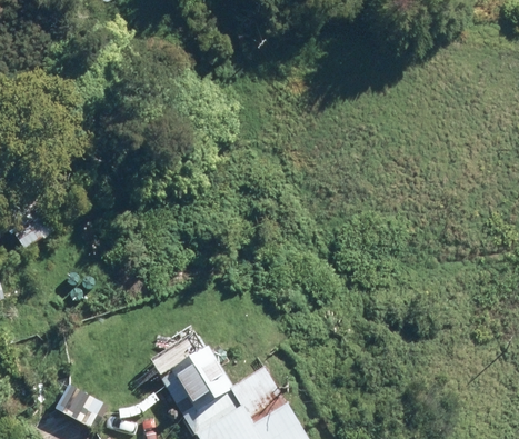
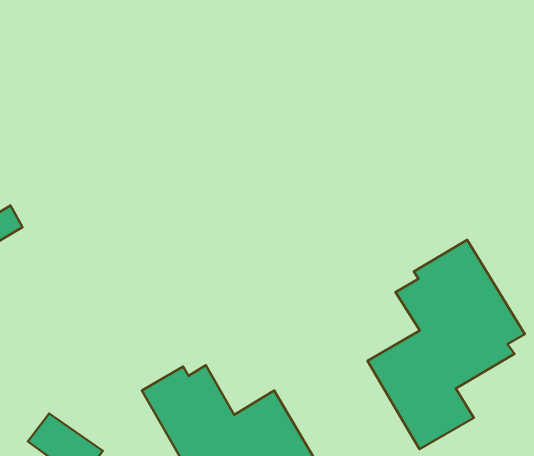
building: none -> [367,240,525,449]

